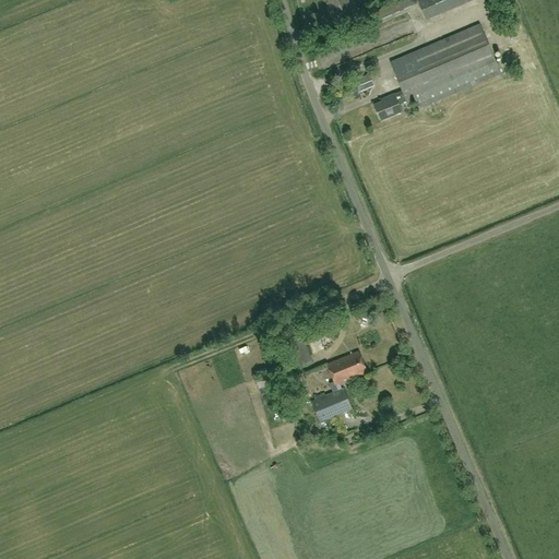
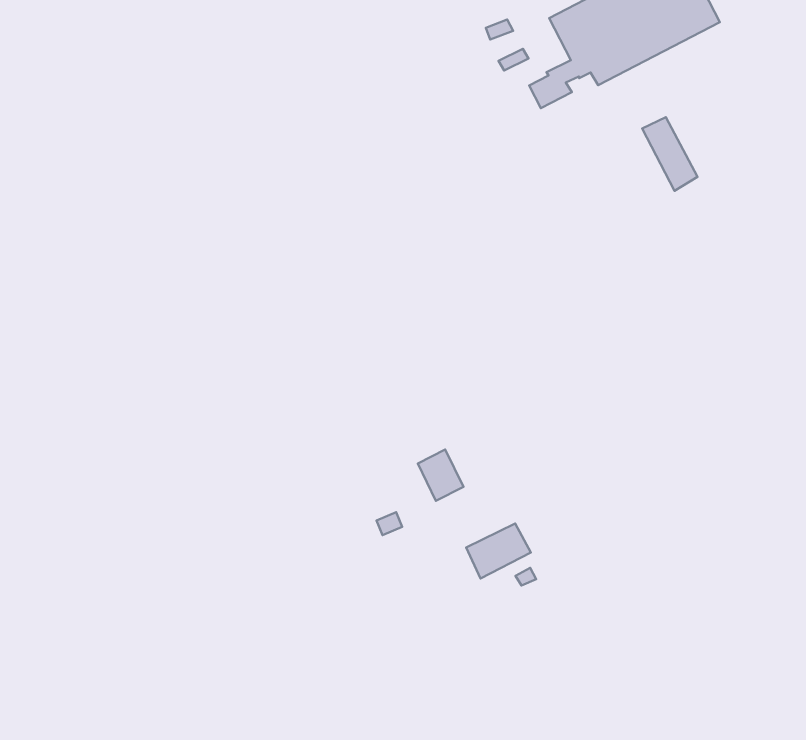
building: none -> [642,117,697,191]
building: [326,349,367,383] -> none

